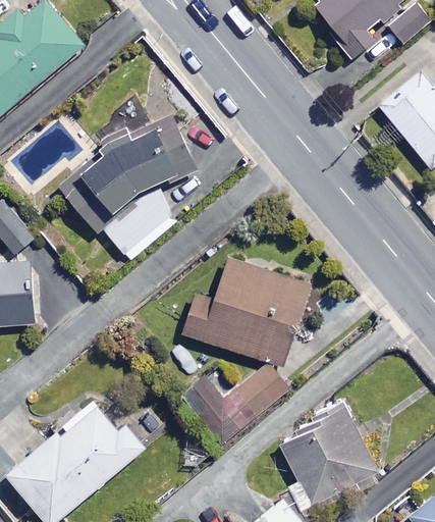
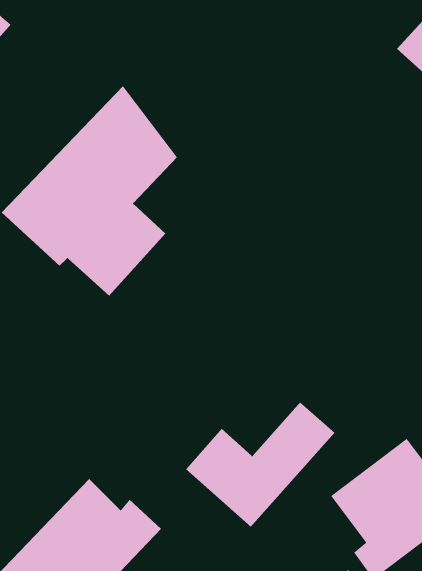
building: [182,257,308,367] -> none

